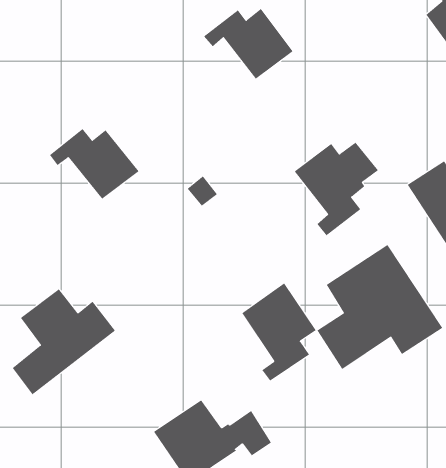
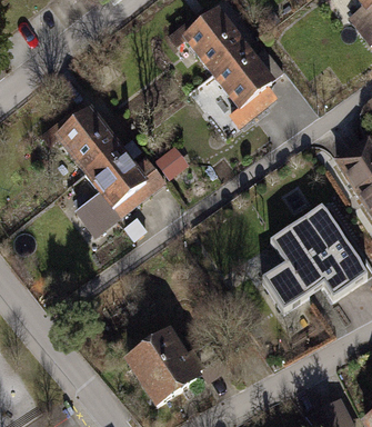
building: [294,142,379,236] -> [213,48,283,126]
building: [242,282,316,382] -> none
building: [12,289,116,395] -> [79,148,164,236]

